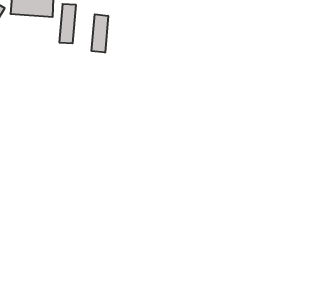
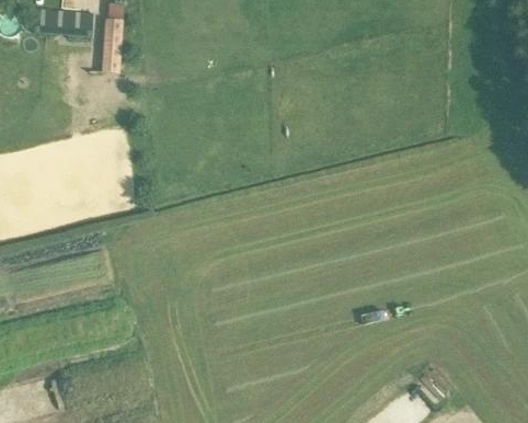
building: [92,14,108,53] -> none

